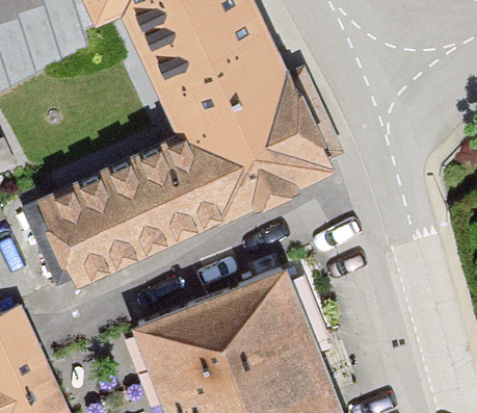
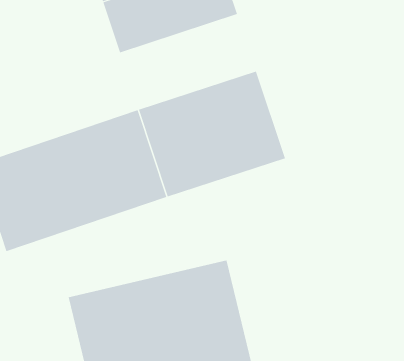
building: [160,35,291,136] -> none

